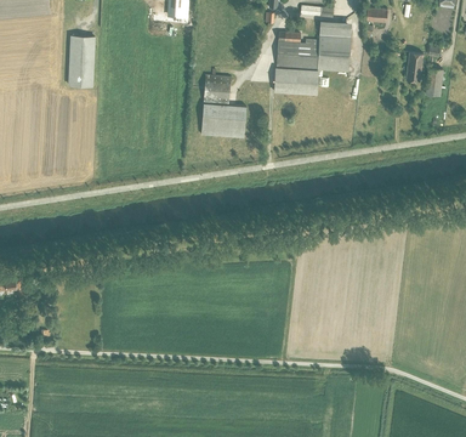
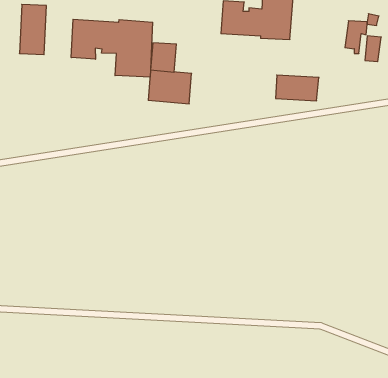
building: none -> [71,19,153,77]
building: [274,67,319,93] -> [276,75,319,101]

